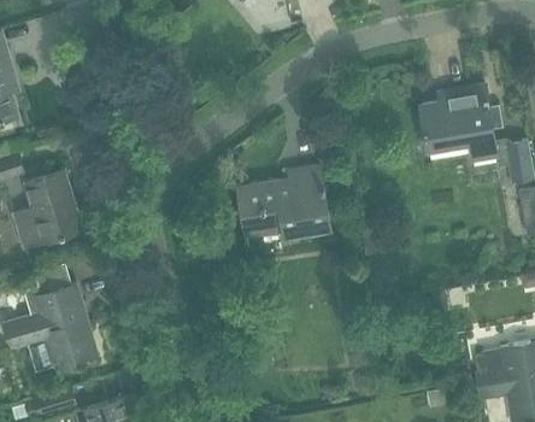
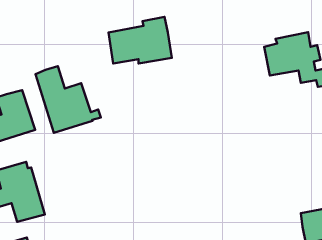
building: none -> [35,66,101,133]
building: [237,168,331,236] -> [108,17,172,63]

